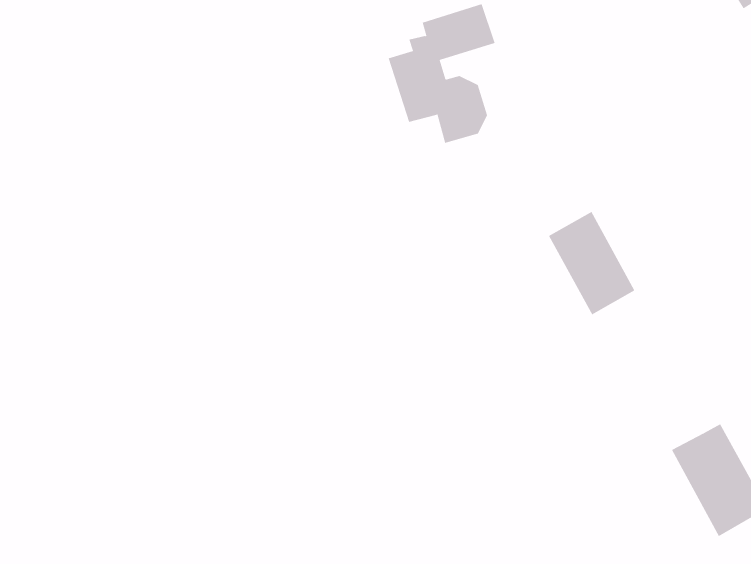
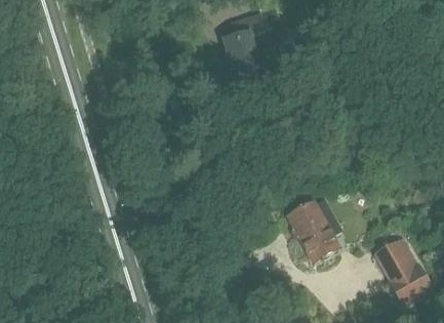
building: [548,211,635,315] -> [288,201,335,257]

